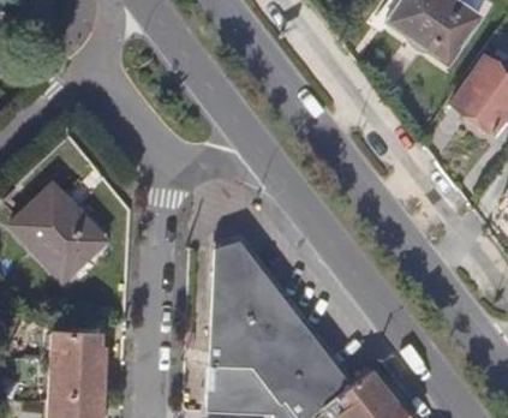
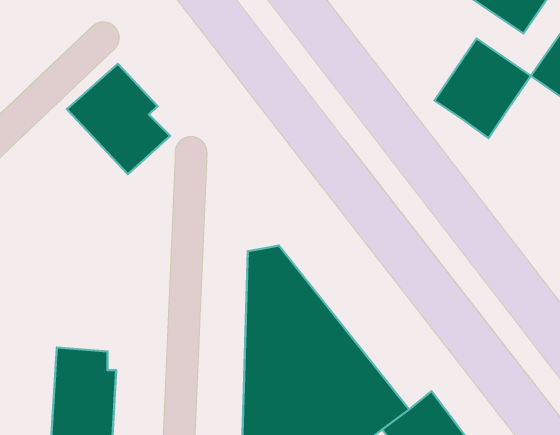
building: none -> [434,38,531,138]
building: [13,185,101,279] -> [67,64,170,174]

